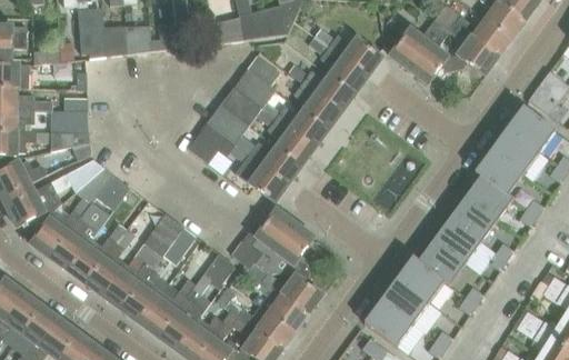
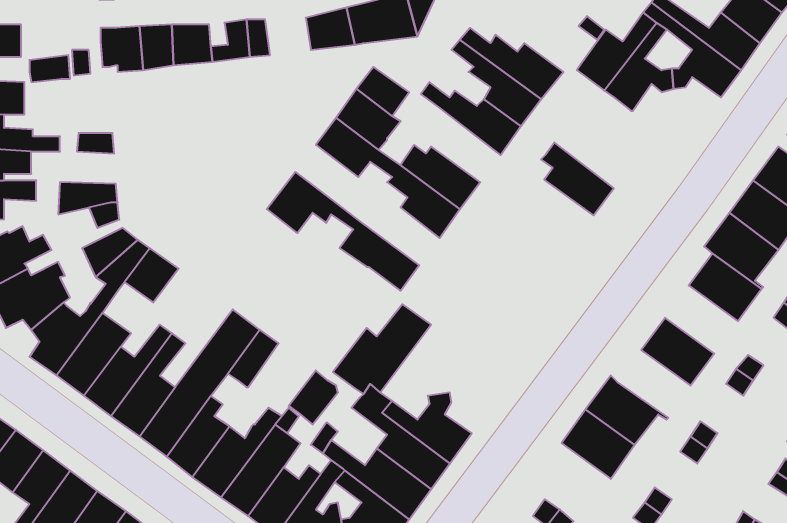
building: [293,82,341,130] -> [541,142,614,215]
building: [207,106,301,184] -> none
building: [52,110,89,131] -> none
building: [449,198,497,242] -> none
building: [262,223,313,273] -> none
building: [418,240,466,284] -> none
building: [365,301,413,347] -> none

